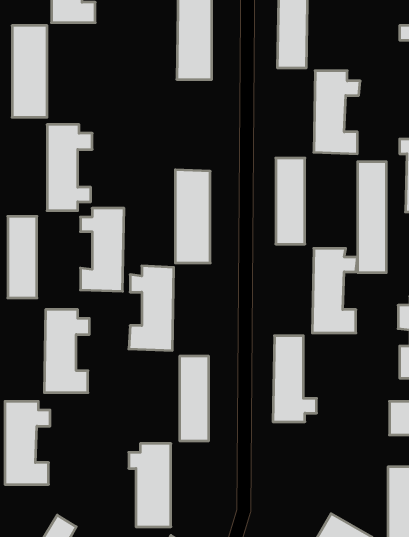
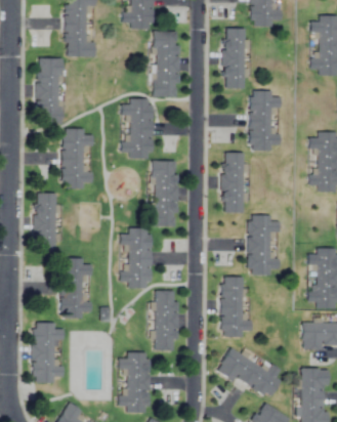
building: [358,162,386,273] -> none
building: [80,208,124,291] -> [122,99,153,158]
building: none -> [218,350,285,397]

